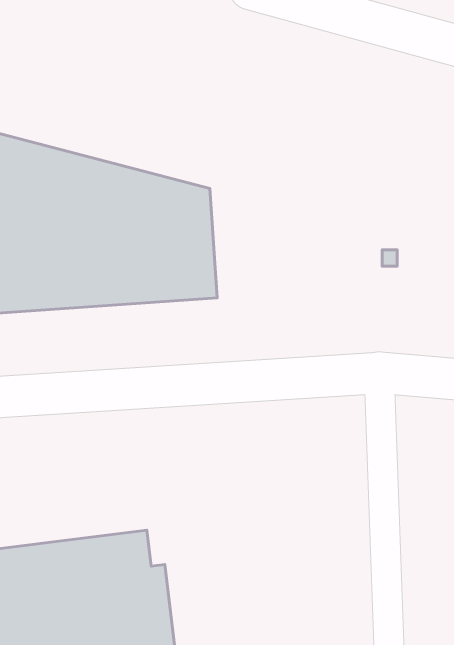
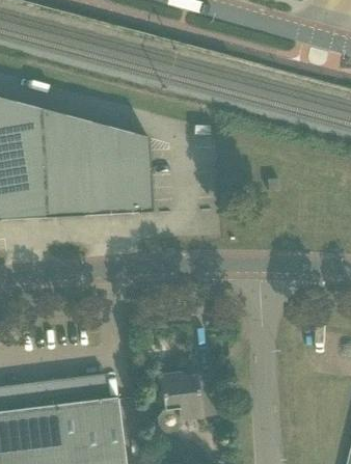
building: none -> [156,372,212,433]

